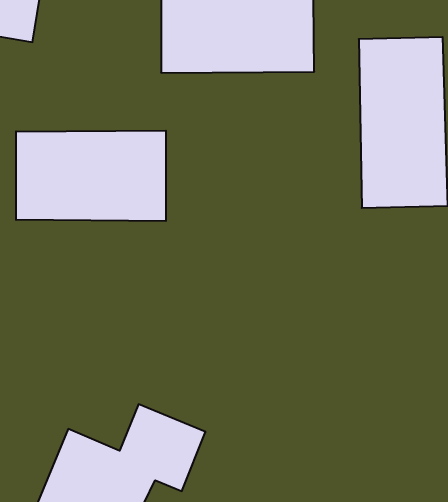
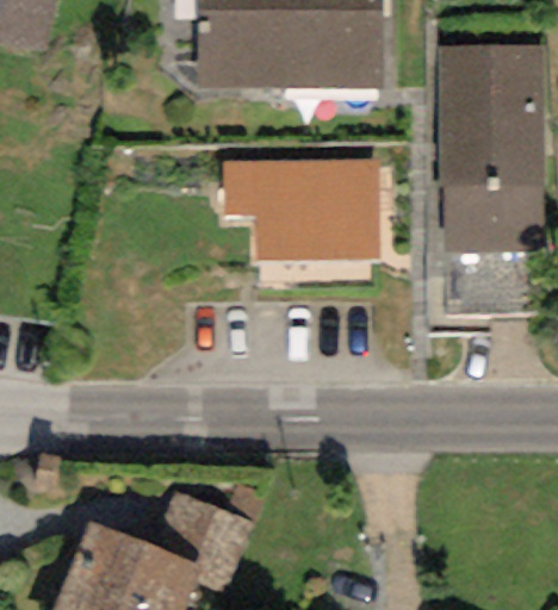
building: [16,131,166,221] -> none
building: none -> [223,162,380,263]

